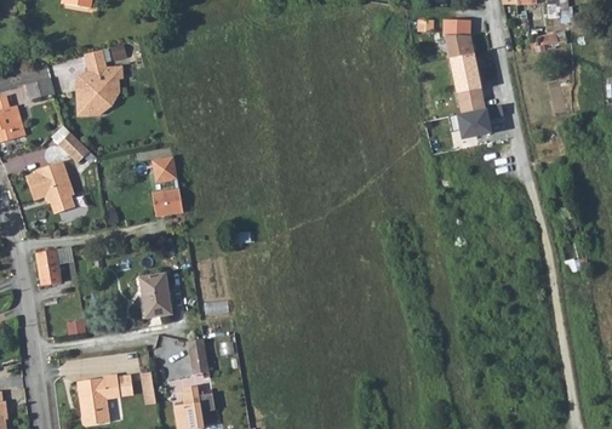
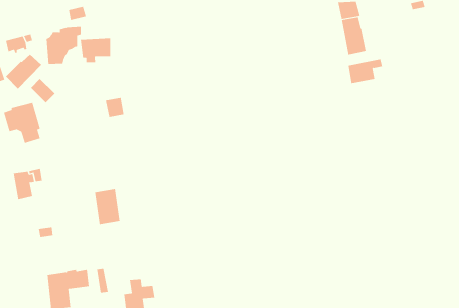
building: none -> [81,37,111,63]
building: none -> [5,54,42,89]
building: [151,188,182,217] -> none
building: [187,338,208,373] -> none

